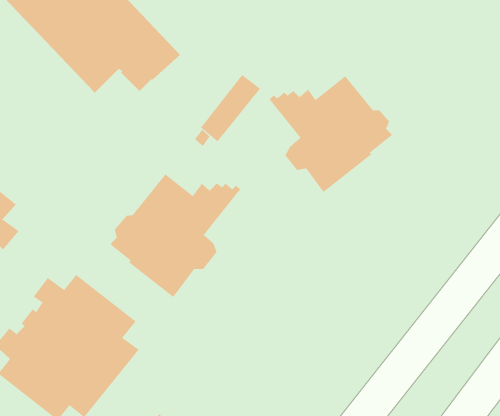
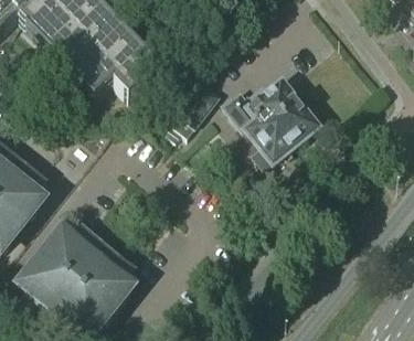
building: [109,174,241,298] -> none

